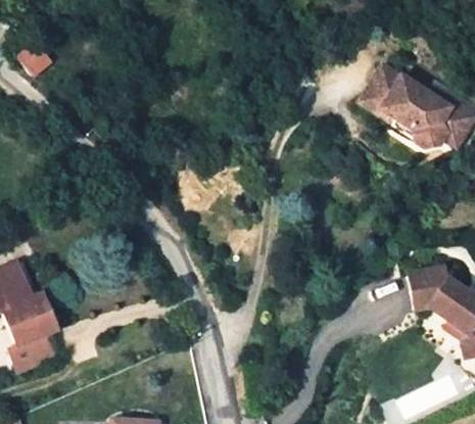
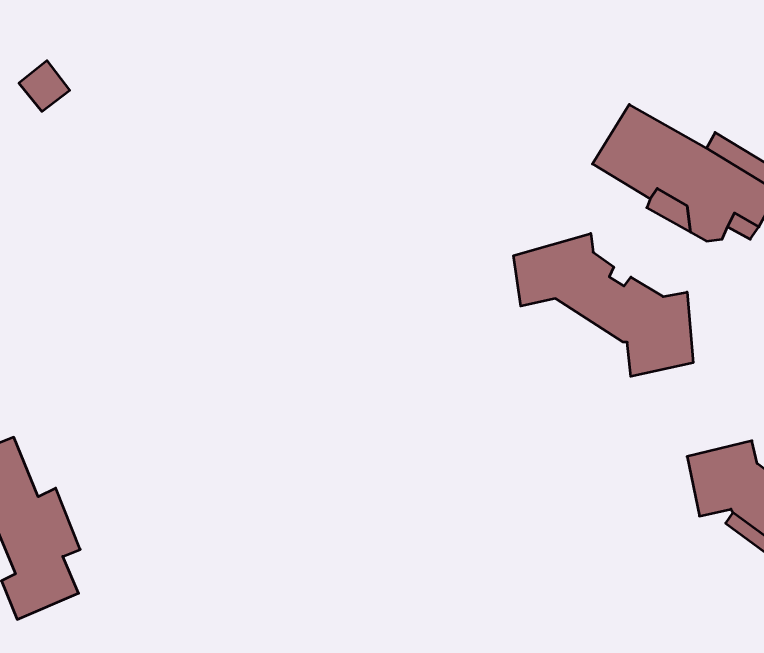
building: none -> [514,233,693,376]

